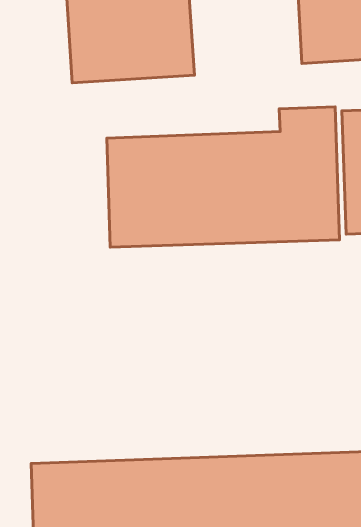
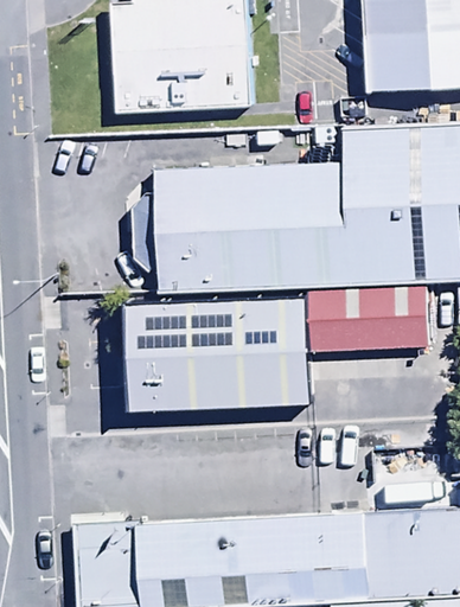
building: none -> [308,294,426,360]
building: none -> [121,296,302,405]

